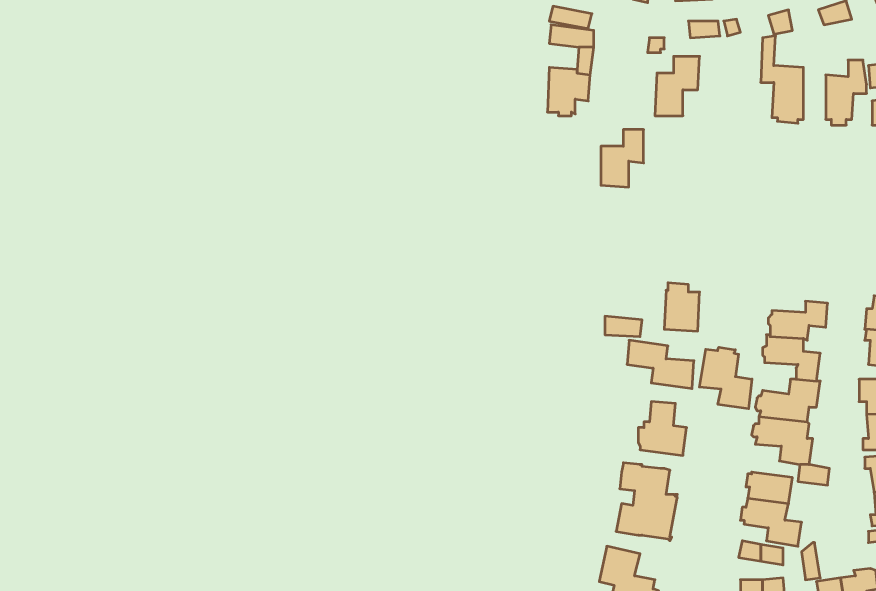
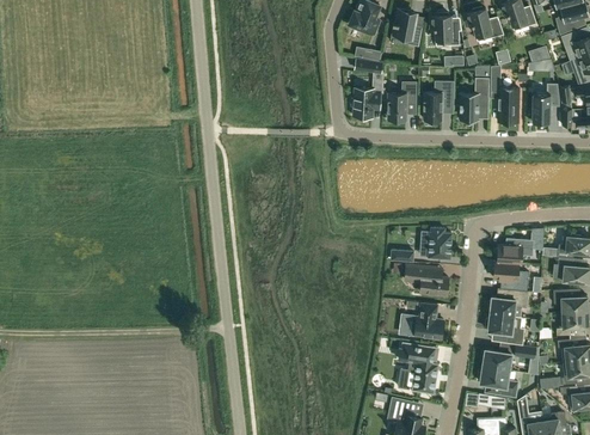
building: none -> [460,76,490,120]
building: [601,130,644,187] -> [388,82,416,120]
building: [699,347,752,409] -> none

